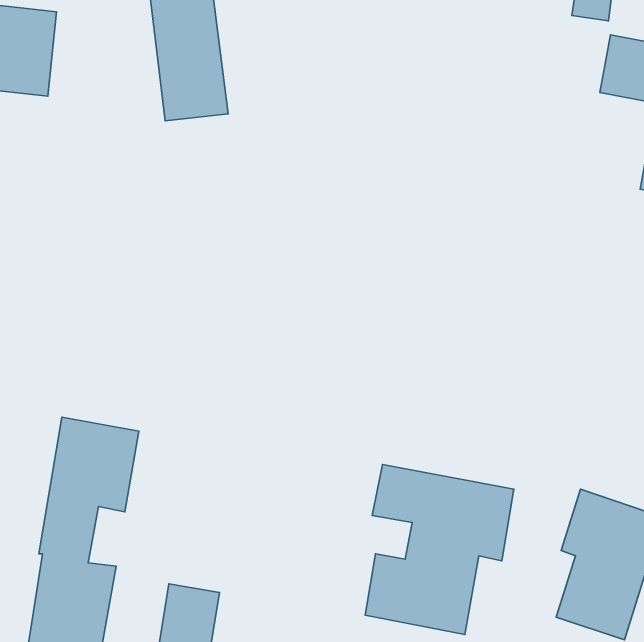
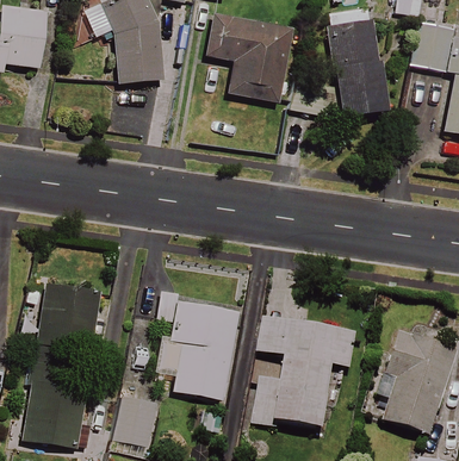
building: none -> [325,6,385,116]
building: none -> [205,12,292,100]
building: none -> [159,299,237,397]

